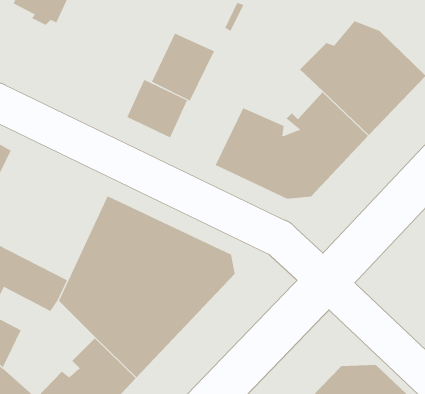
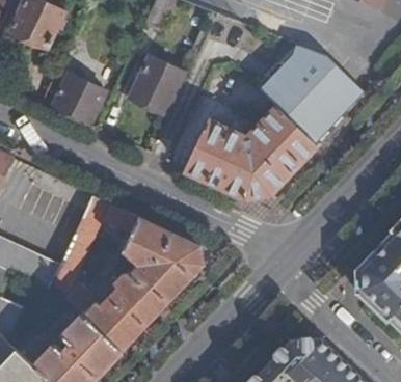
building: [127,79,188,138] -> [53,75,105,125]

